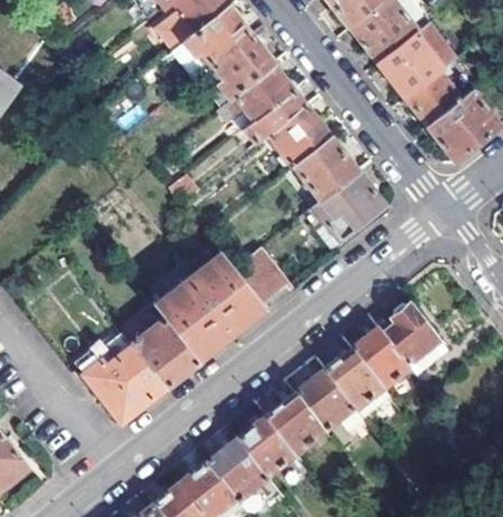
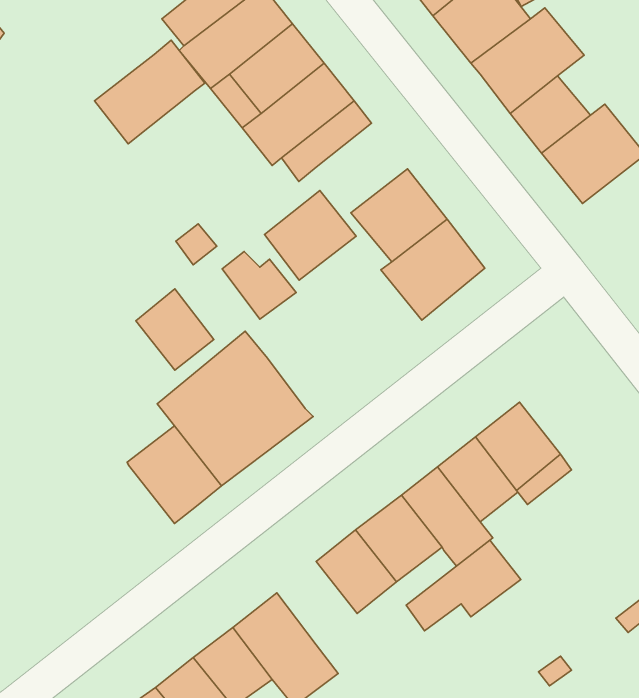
building: none -> [94,40,205,144]
building: [267,105,332,168] -> [265,190,356,280]
building: none -> [136,289,214,370]
building: [233,258,285,306] -> [222,251,296,319]
building: [78,347,167,423] -> none
building: none -> [406,540,521,631]
building: [239,414,296,474] -> none

